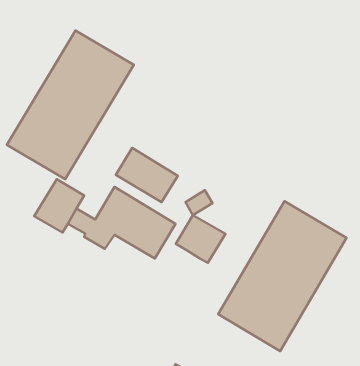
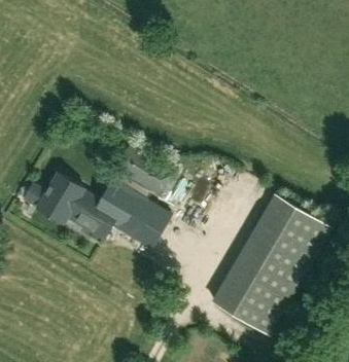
building: [7,31,134,179] -> none
building: [176,215,226,263] -> none

